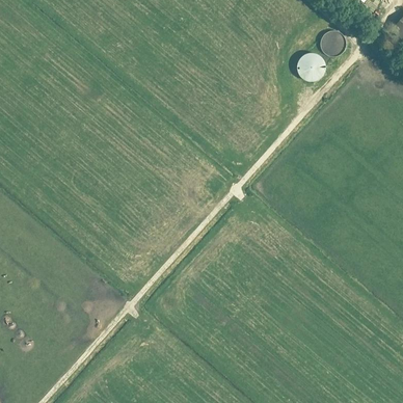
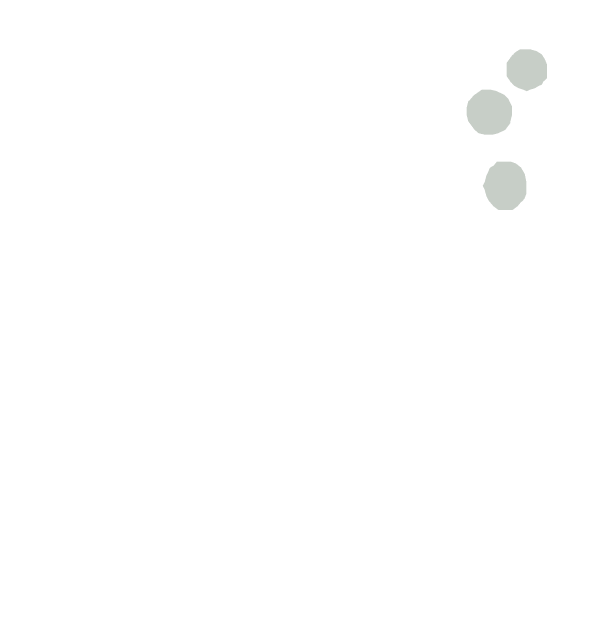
building: none -> [482,161,527,211]

